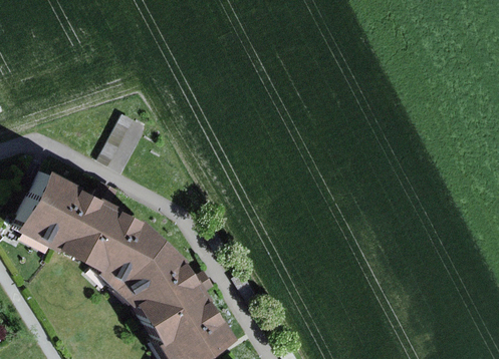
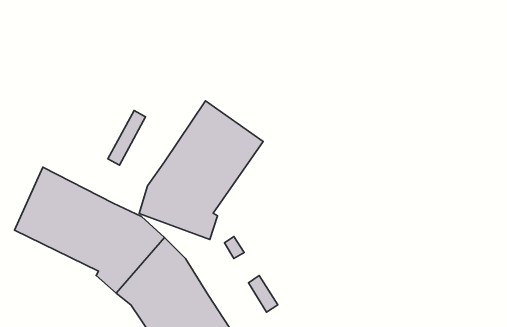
building: none -> [139,101,263,240]

